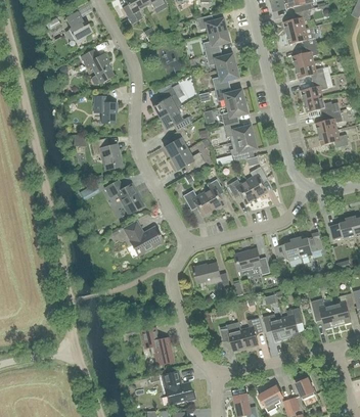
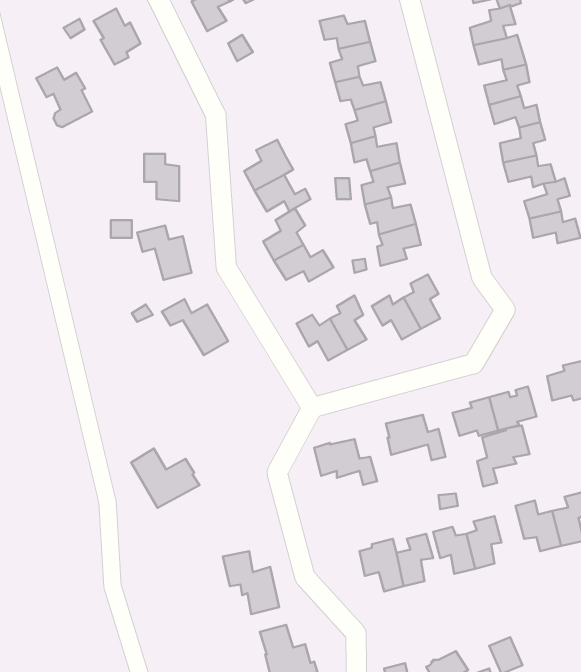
building: [81,50,114,85] -> [36,68,92,127]
building: [123,221,163,256] -> [131,448,200,508]
building: none -> [477,425,530,486]

